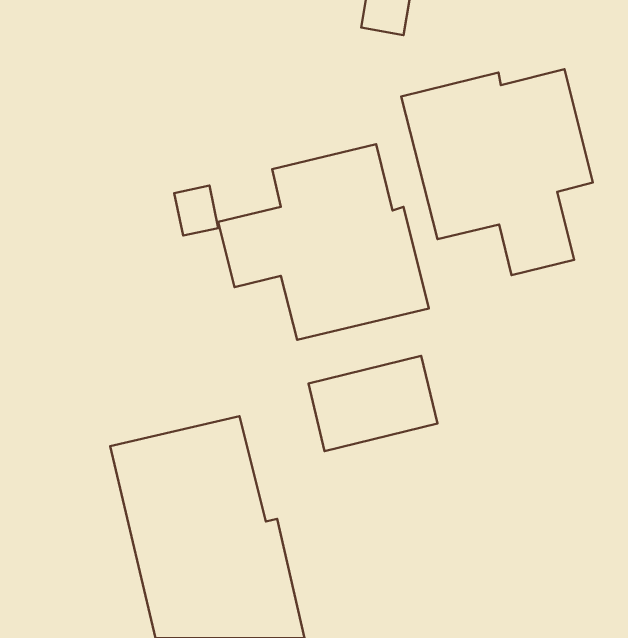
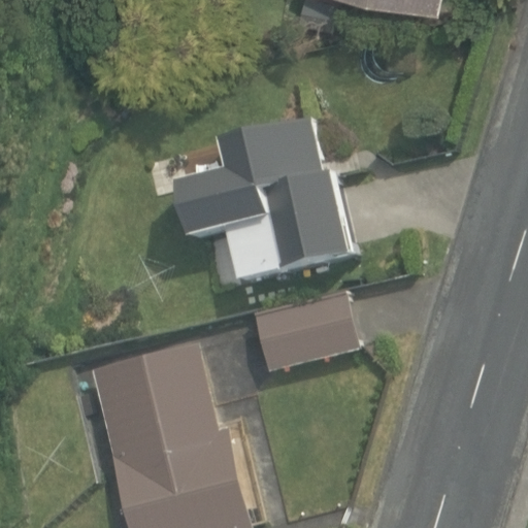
building: [401,69,593,275] -> none

